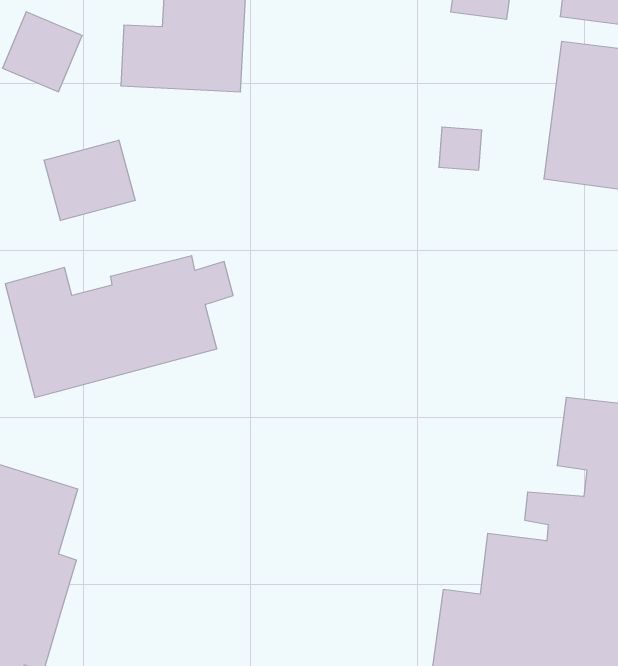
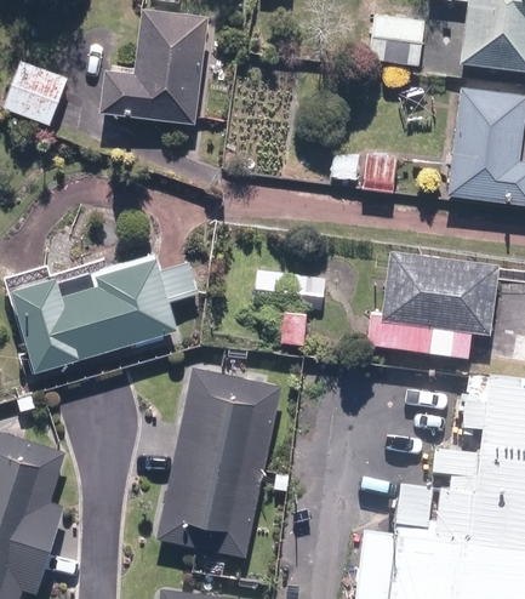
building: [44,140,135,221] -> none
building: none -> [361,249,497,356]
building: none -> [159,371,278,554]

